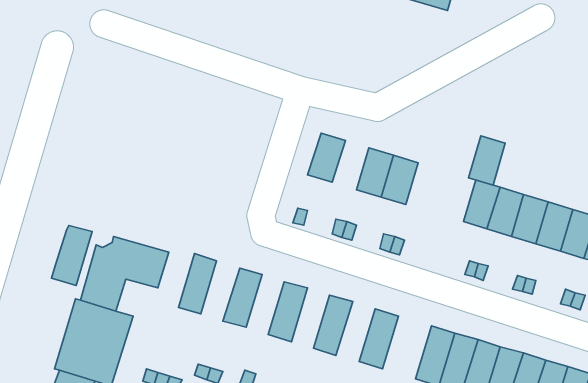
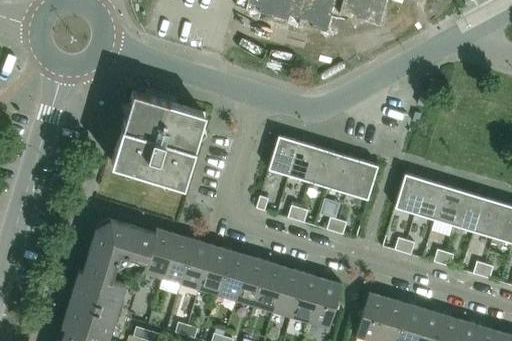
building: none -> [111,92,206,187]
building: [468,136,505,185] -> [348,160,378,200]
building: none -> [288,142,318,182]
building: [52,225,92,286] -> [143,229,176,278]
building: none -> [181,240,213,289]
building: none -> [218,251,249,300]
building: none -> [255,262,286,311]
building: none -> [291,273,323,322]

